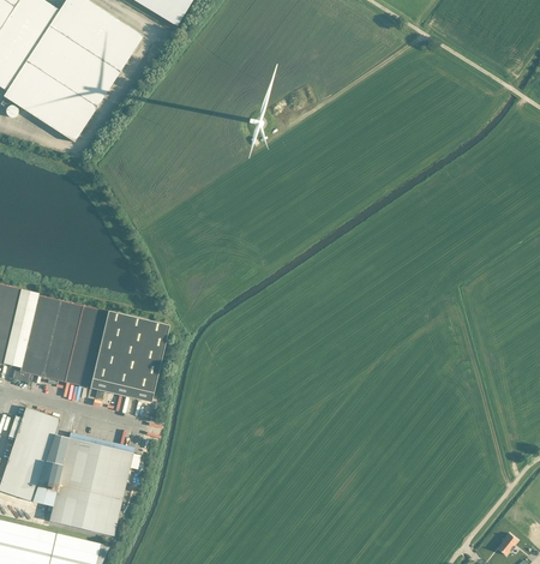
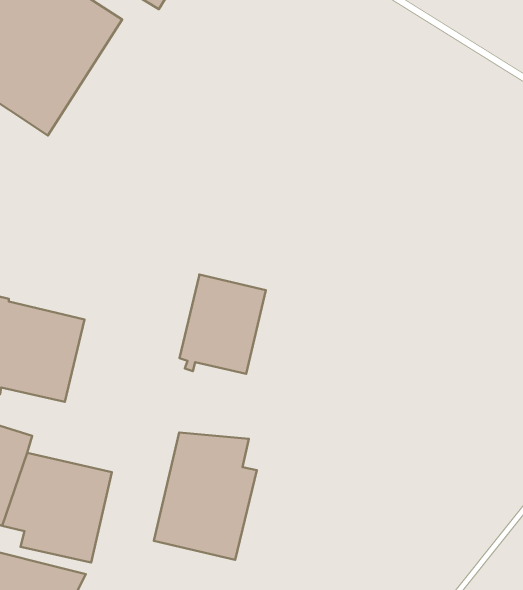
building: [89,310,168,401] -> [180,275,266,374]
building: none -> [154,433,257,560]

